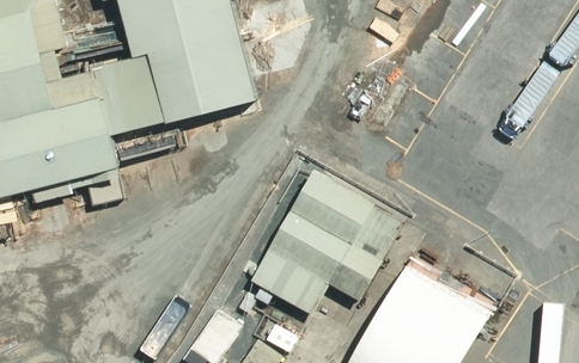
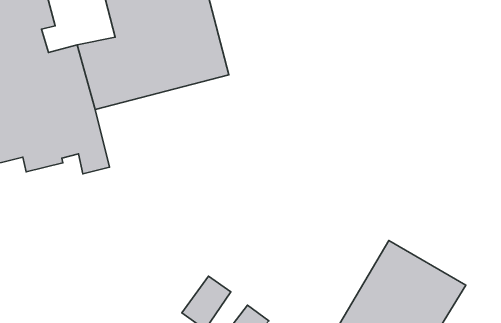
building: [258,172,412,315] -> none

